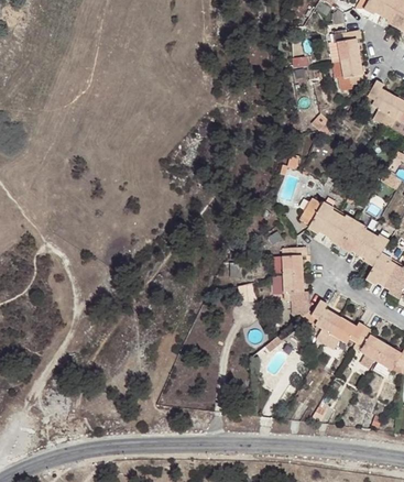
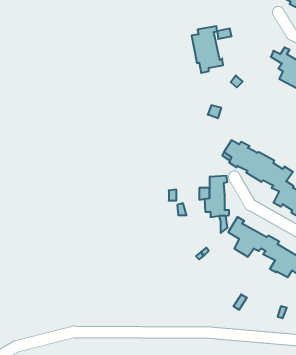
building: [328,31,369,91] -> [192,26,223,73]

